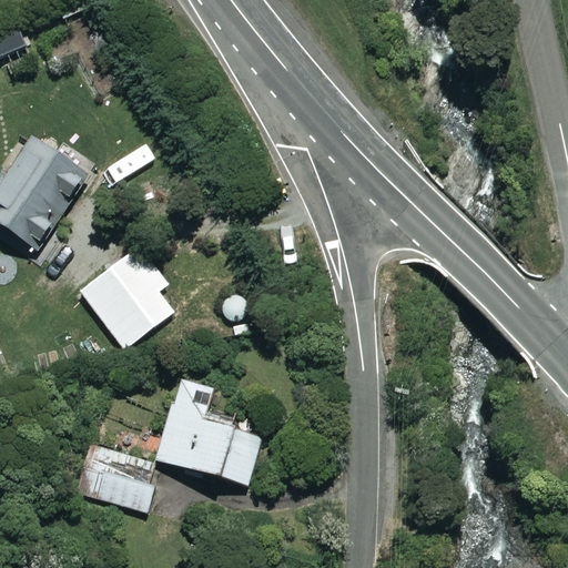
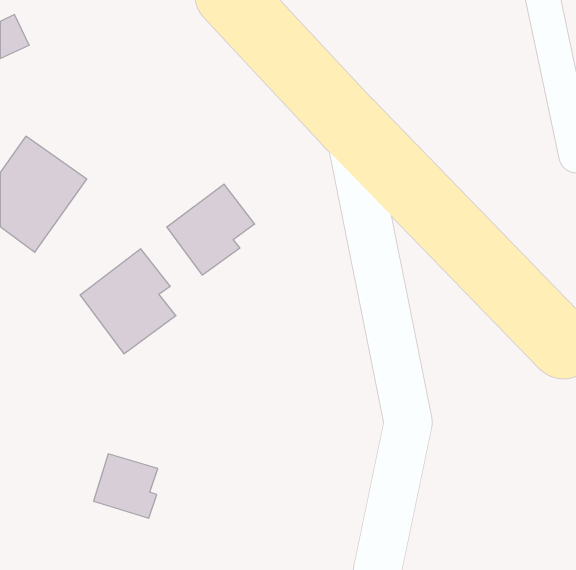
building: none -> [167,184,255,275]
building: [155,377,262,487] -> none

